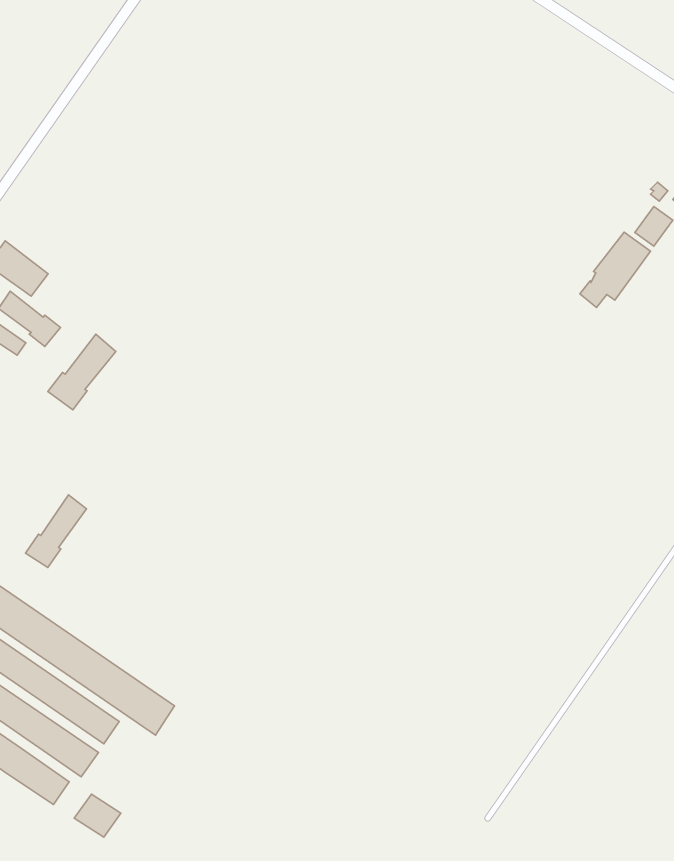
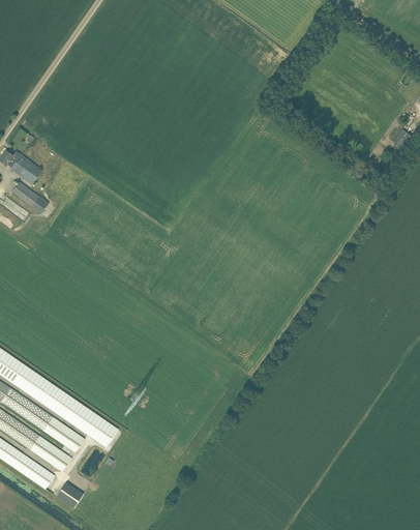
building: [580,232,651,307] -> none
building: [48,334,116,410] -> none
building: [26,495,87,568] -> none

